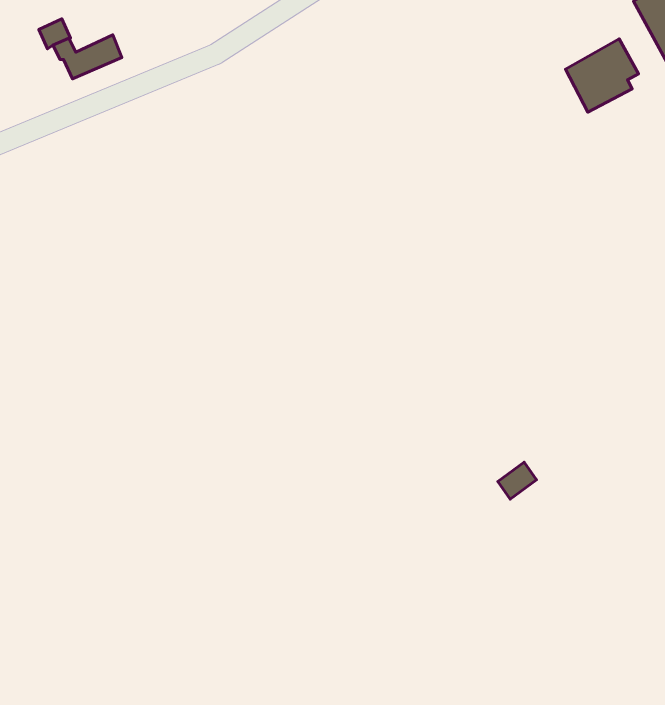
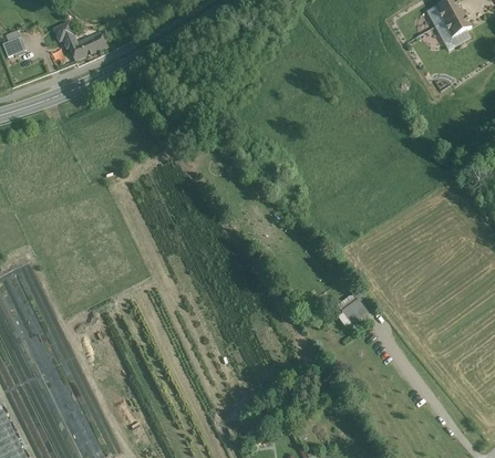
building: [565,39,639,112] -> none

